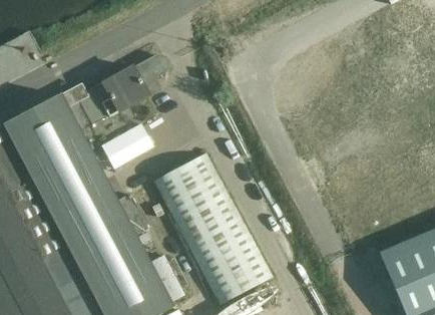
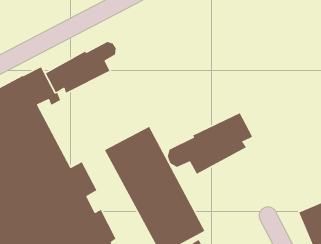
building: [103,124,153,167] -> none
building: none -> [167,112,253,175]

